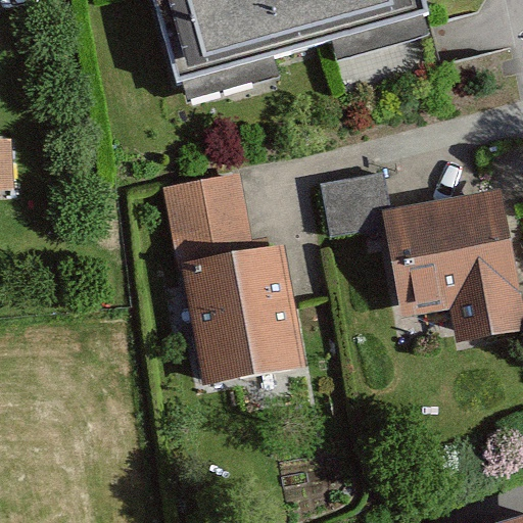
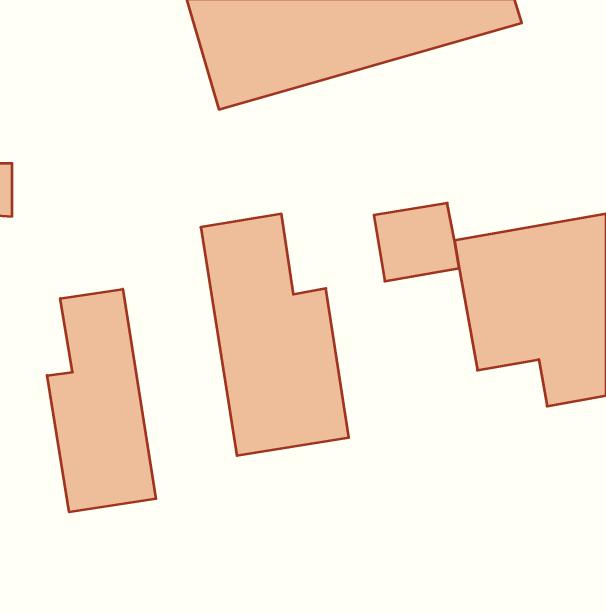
building: none -> [47,289,156,512]

